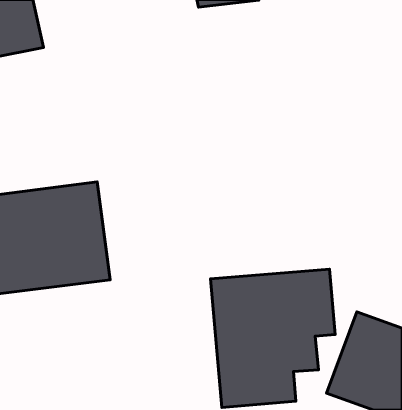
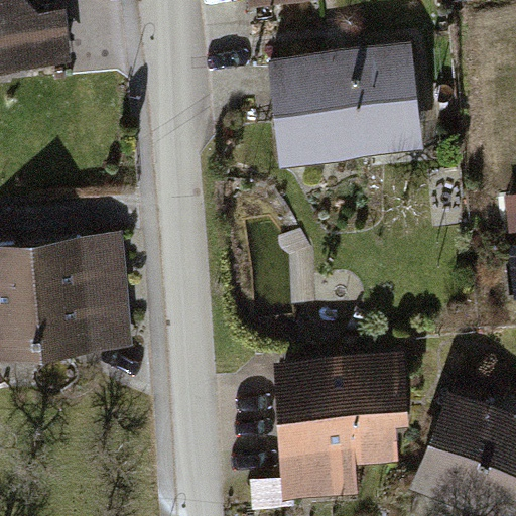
building: none -> [275,44,419,165]

